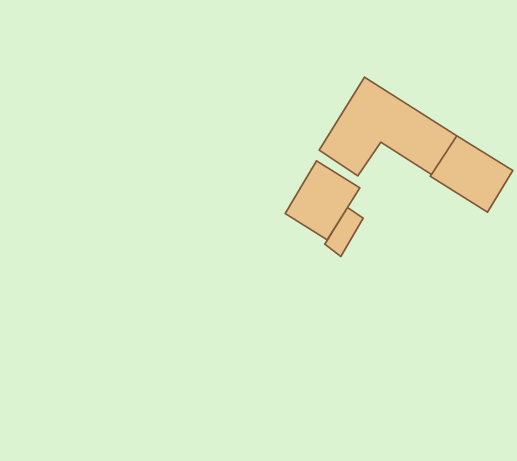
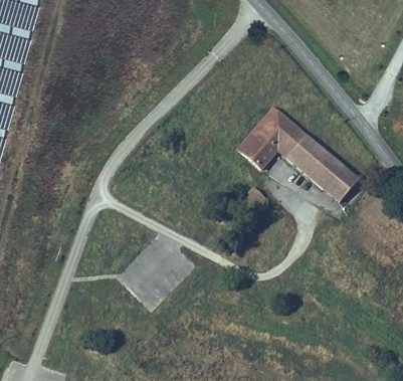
building: [285,161,360,240] -> none

